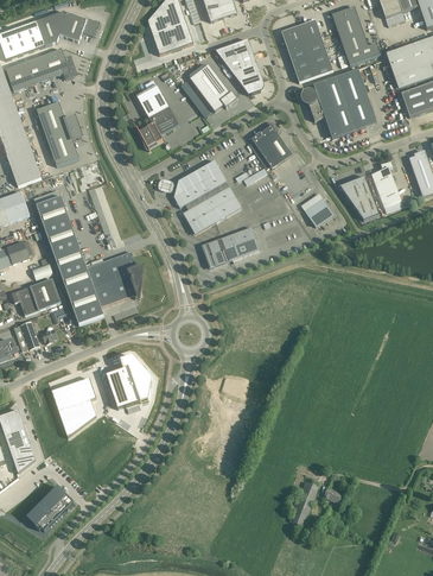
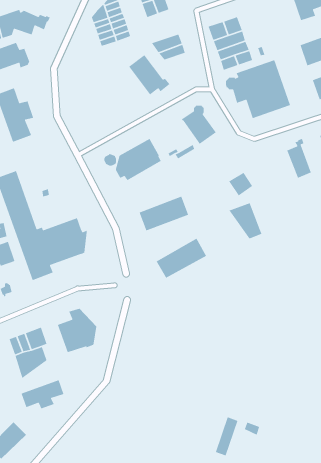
building: [331,6,380,64] -> none
building: [230,62,263,94] -> none
building: [135,83,178,150] -> none
building: [338,176,378,219] -> [228,202,263,239]
building: [182,185,241,233] -> [156,238,207,279]
building: none -> [21,379,65,410]

